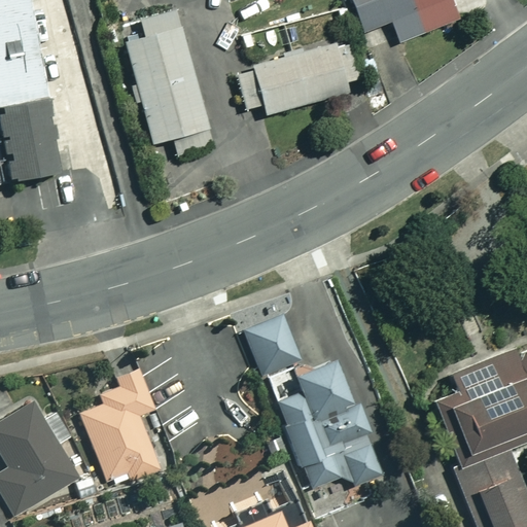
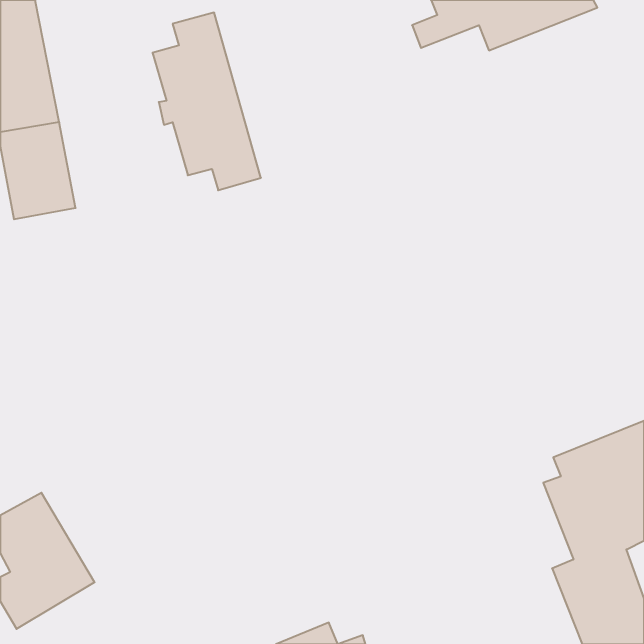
building: [237,43,360,114] -> none
building: [243,314,302,377] -> none
building: [276,353,385,490] -> none
building: [80,368,159,480] -> none

